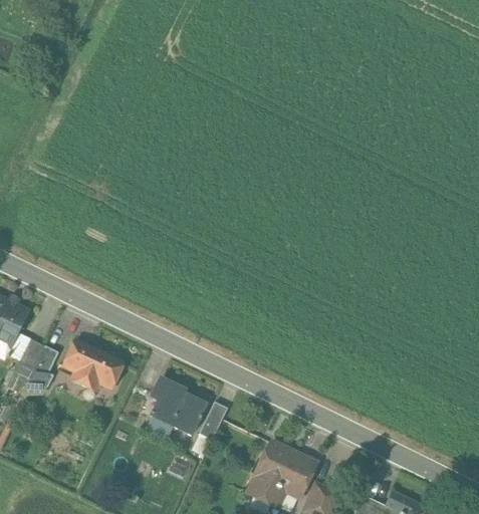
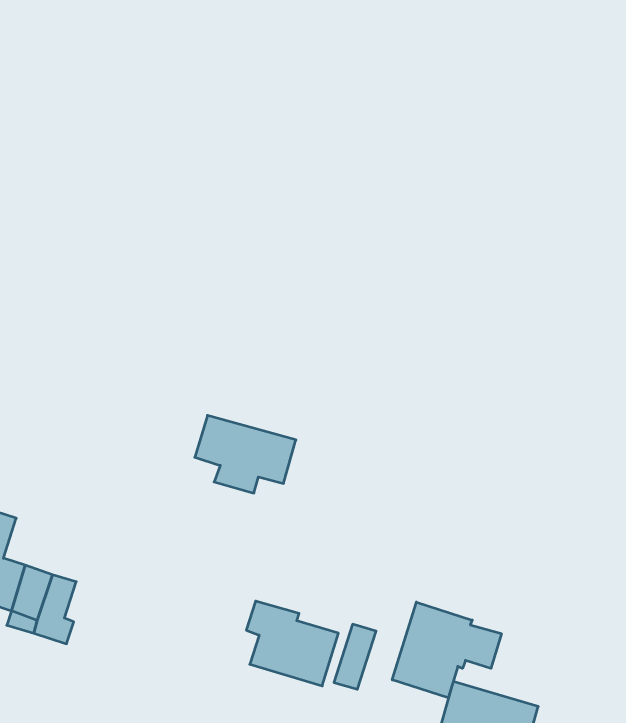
building: [62,341,123,391] -> [195,415,296,493]
building: none -> [392,602,501,698]

